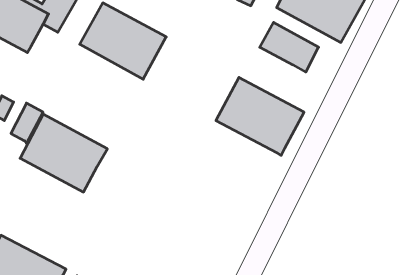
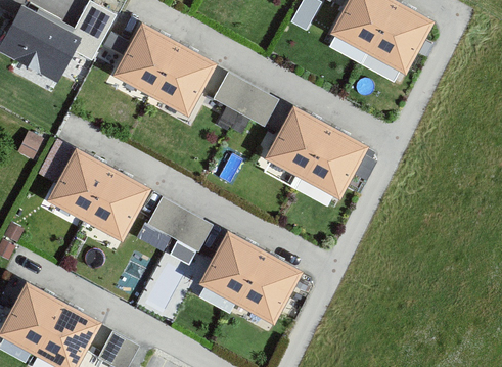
building: [260,22,319,72] -> [212,73,277,128]
building: none -> [146,197,212,253]
building: none -> [200,235,296,321]

